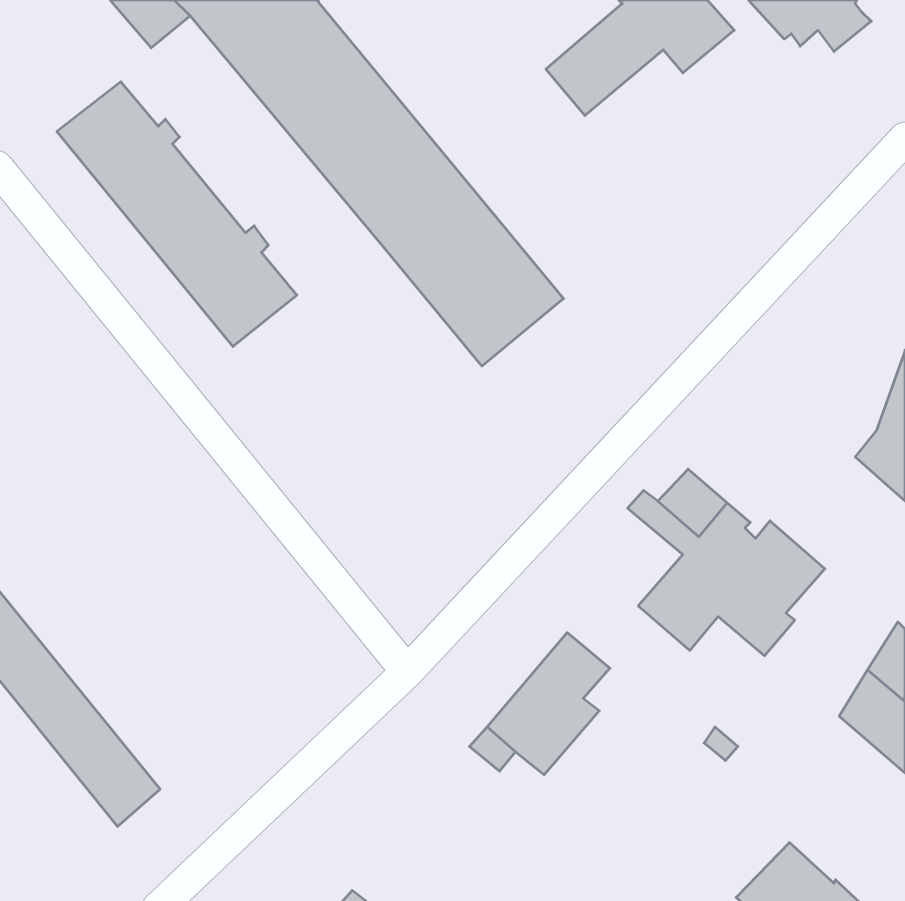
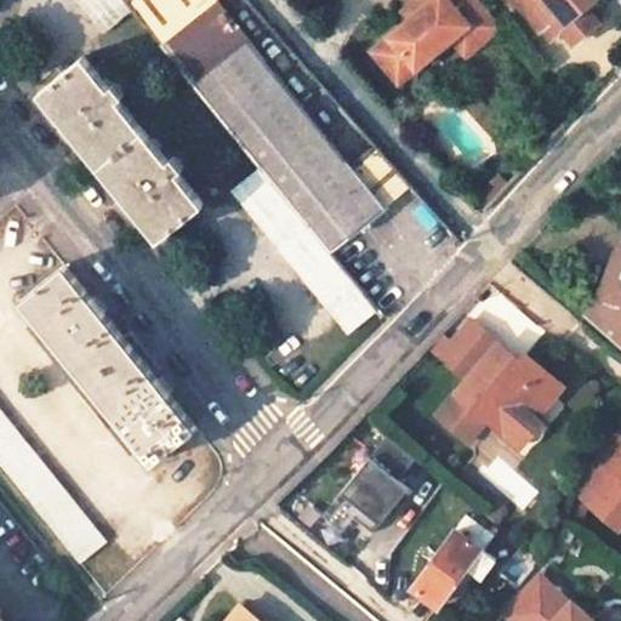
building: none -> [233,171,375,331]
building: none -> [22,269,196,465]
building: none -> [410,519,492,609]

